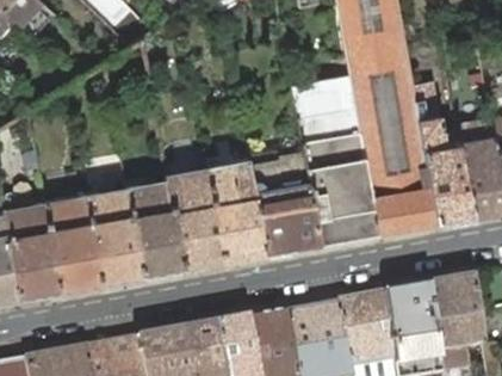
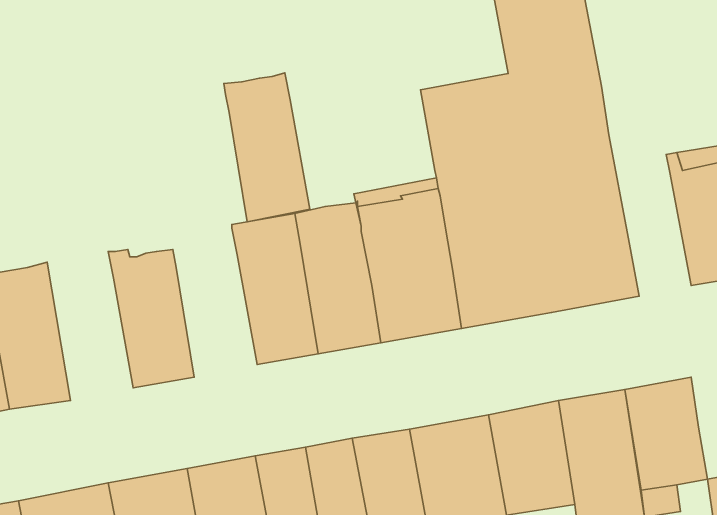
building: [413,79,472,222] -> none
building: [126,177,184,276] -> [224,73,310,222]
building: [44,192,101,291] -> none

